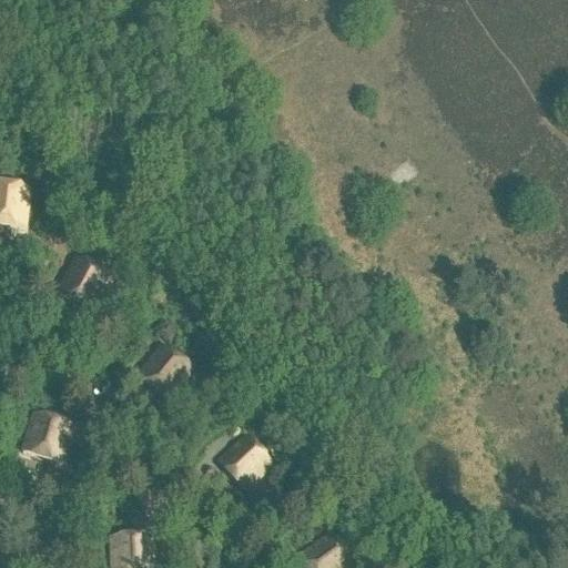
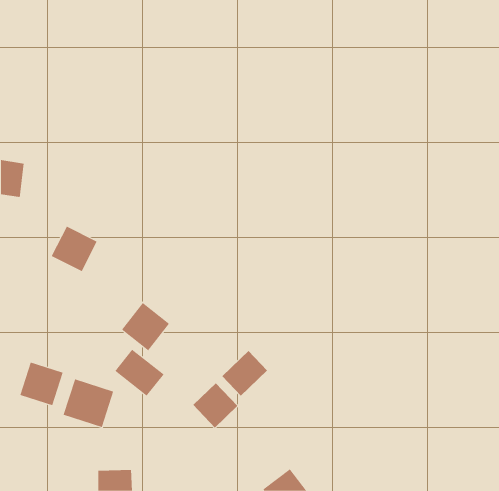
building: none -> [115,349,164,397]
building: none -> [221,350,268,396]
building: none -> [63,379,114,428]

